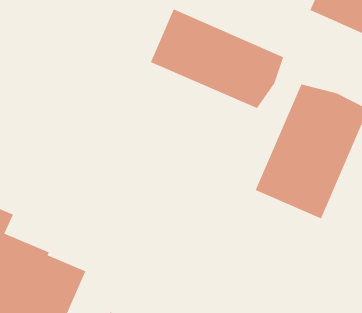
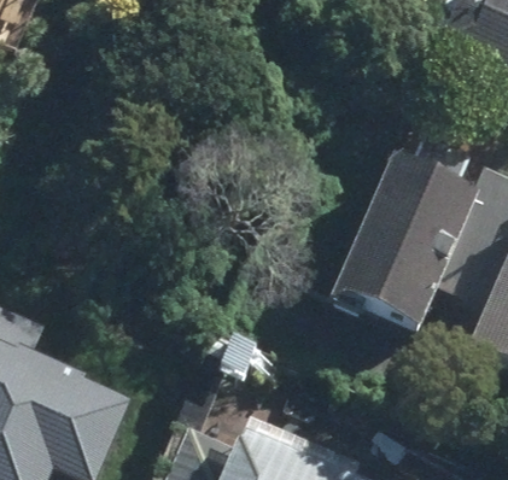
building: [150,9,284,109] -> none

